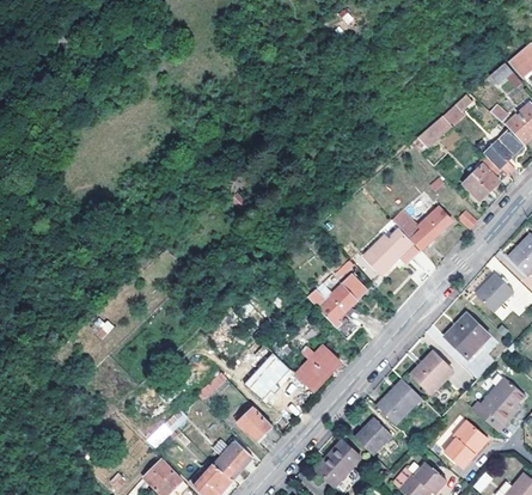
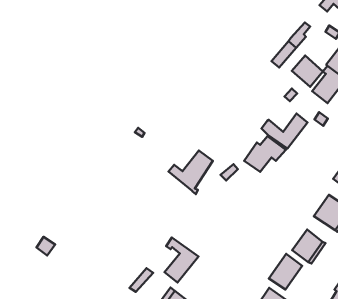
building: none -> [292,55,323,87]
building: [308,275,366,329] -> [168,151,213,194]
building: [296,346,341,390] -> none

